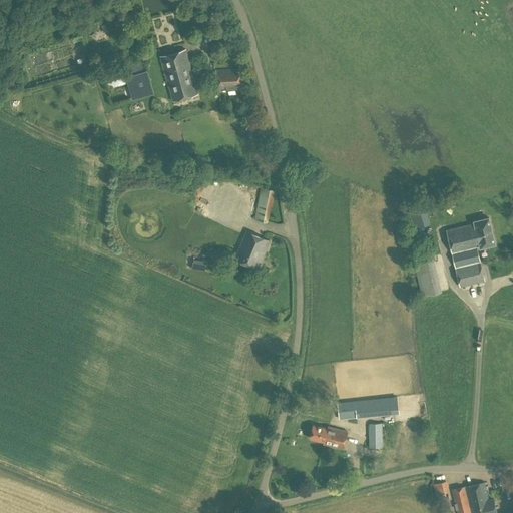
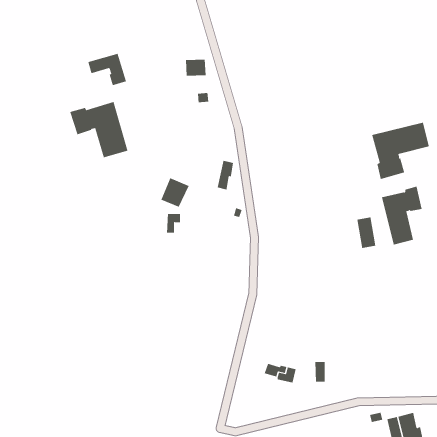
building: [160,51,197,101] -> none
building: none -> [70,101,128,158]
building: none -> [371,122,429,180]
building: [234,232,269,268] -> [160,177,190,207]
building: [342,397,394,420] -> none

